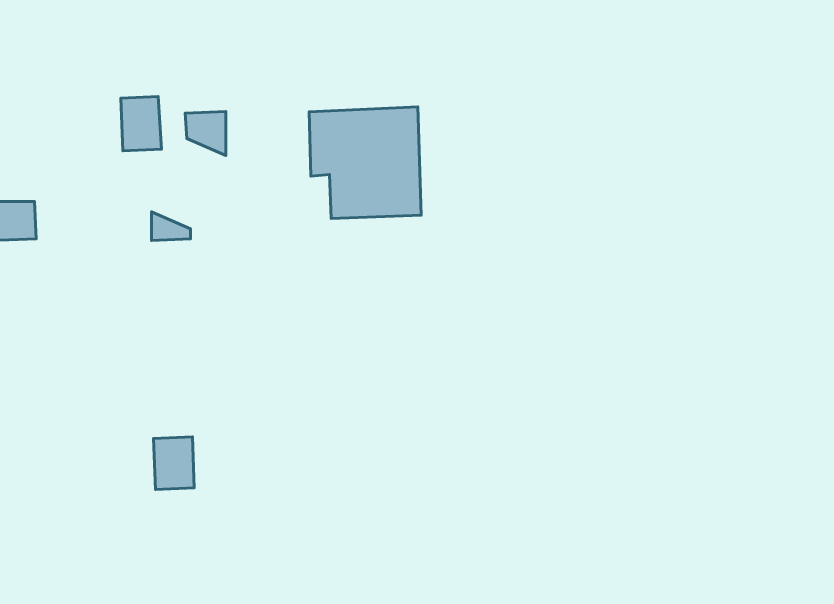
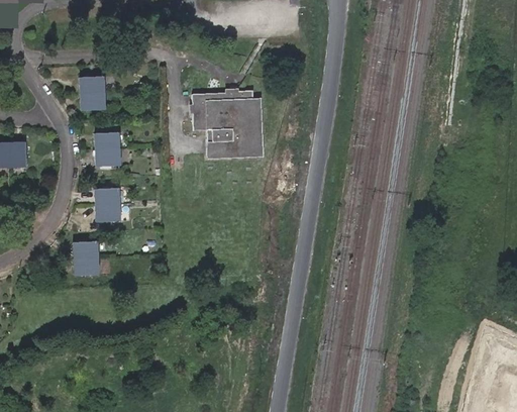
building: [185,111,226,155] -> [96,132,120,159]
building: none -> [96,191,119,222]
building: [154,437,194,489] -> [75,244,99,276]

